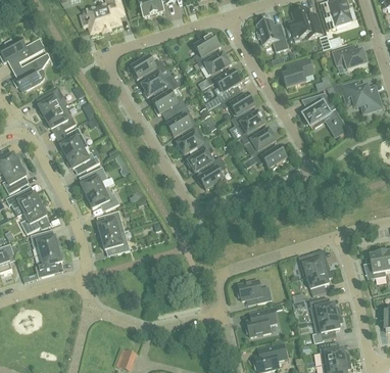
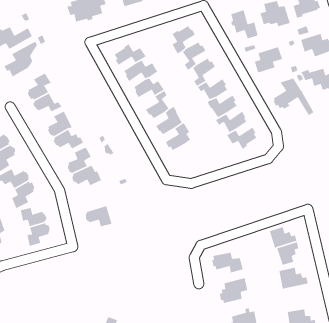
building: [197,155,226,188] -> none
building: [96,209,124,236] -> none
building: [312,314,343,338] -> none

